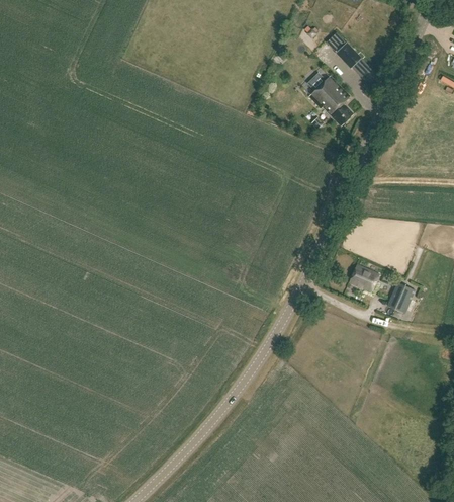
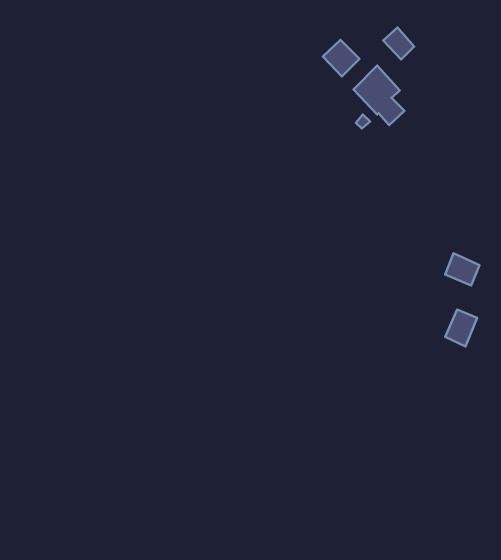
building: none -> [323,40,359,77]
building: [349,264,378,291] -> [445,253,480,285]

